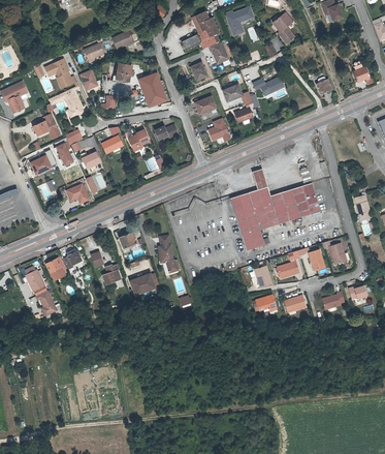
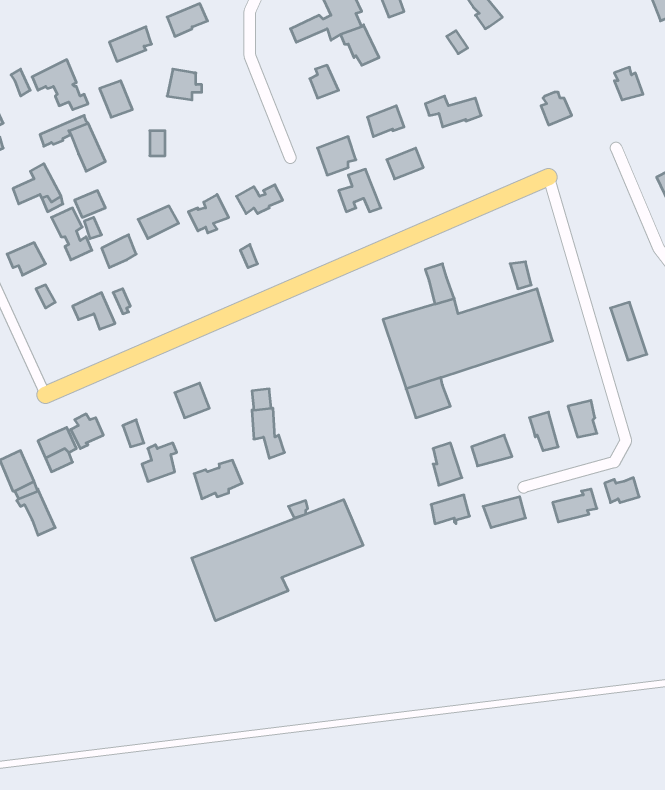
building: [138,72,167,109] -> none
building: none -> [192,500,363,621]

